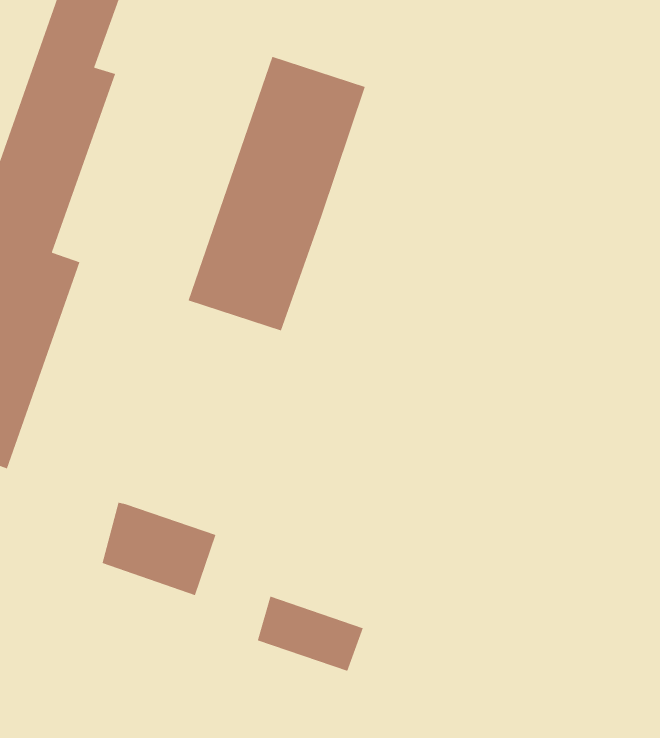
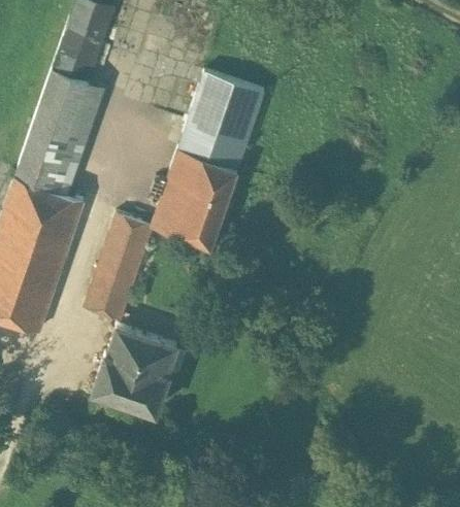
building: none -> [83,215,150,320]
building: [257,595,364,672] -> [110,328,178,376]

